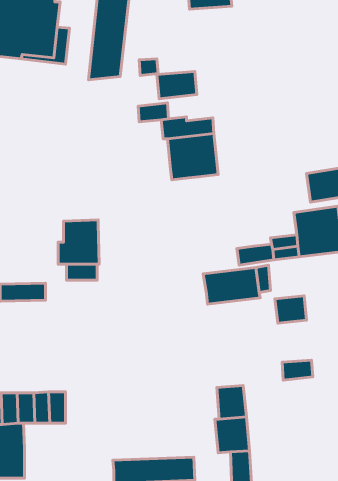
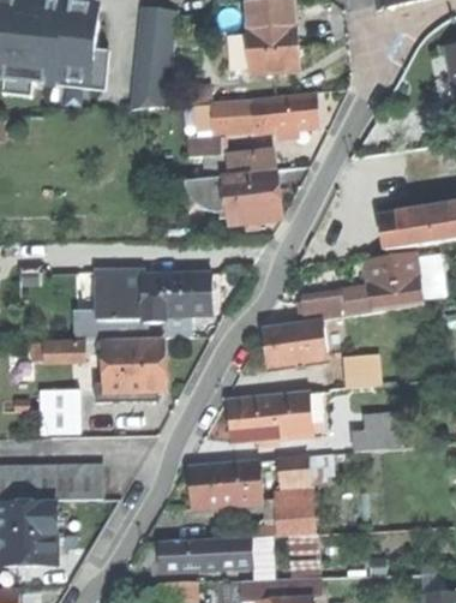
building: none -> [245,25,299,74]
building: none -> [252,94,317,132]
building: none -> [179,177,224,211]
building: none -> [142,273,210,321]
building: none -> [101,341,163,392]
building: none -> [40,389,79,432]
building: none -> [226,393,318,442]
building: none -> [188,460,262,508]

